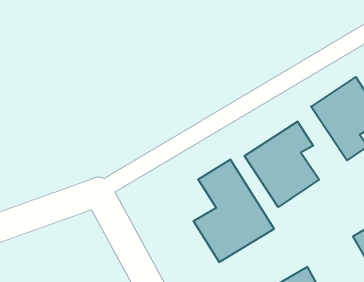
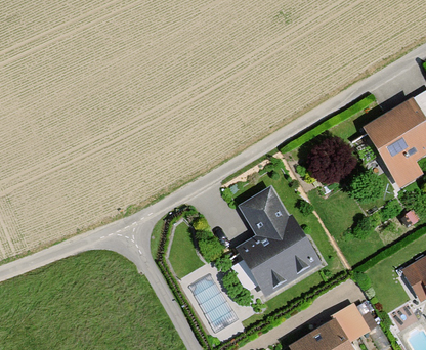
building: [244,121,319,207] -> none

